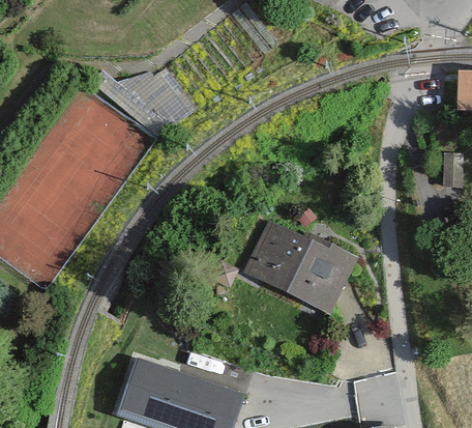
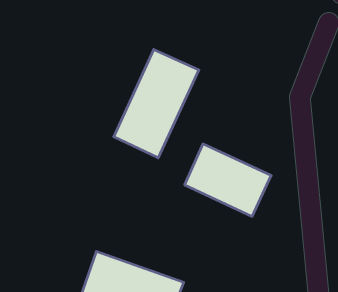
building: none -> [114,49,199,158]

